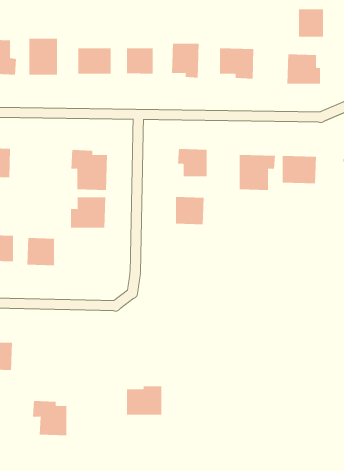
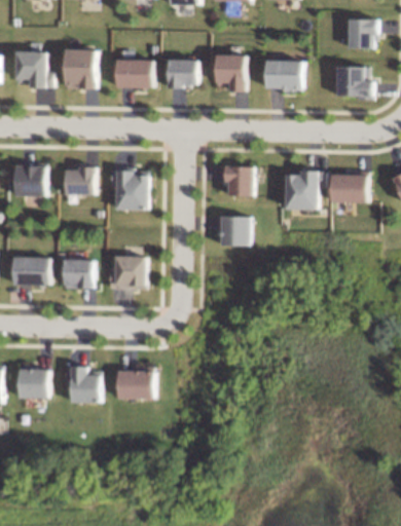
building: none -> [66,167,96,195]
building: [70,197,106,228] -> [109,256,147,289]
building: [126,386,162,415] -> [116,367,154,398]
building: [32,401,67,436] -> [64,366,101,403]

